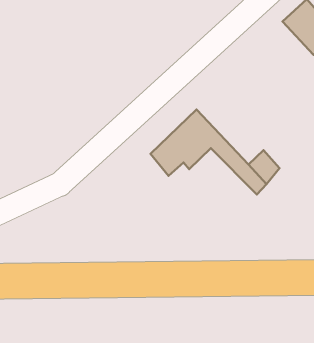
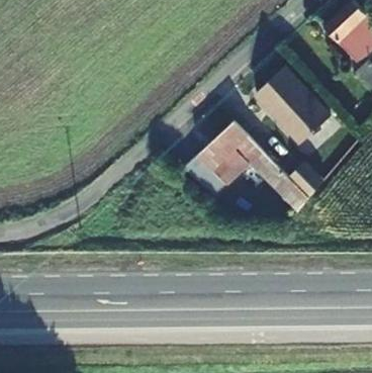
building: none -> [258,70,329,143]

